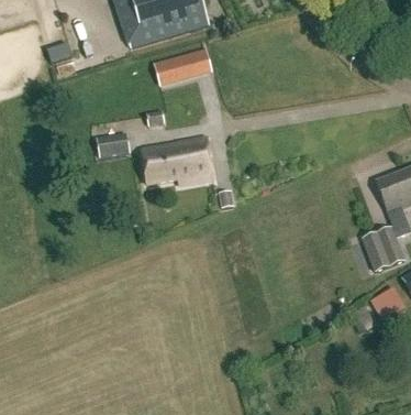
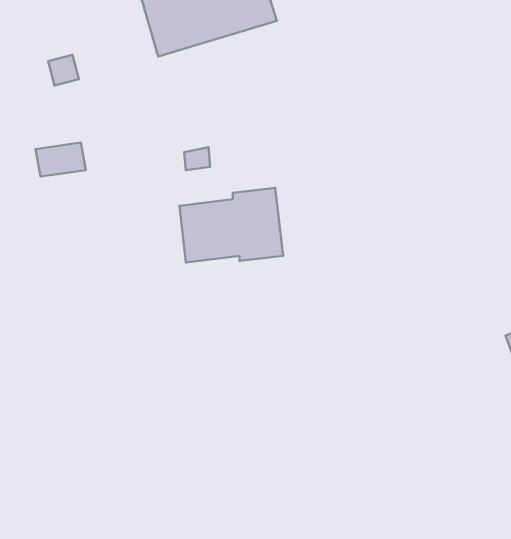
building: [153,45,211,81] -> none
building: [97,133,131,156] -> [36,143,86,177]

